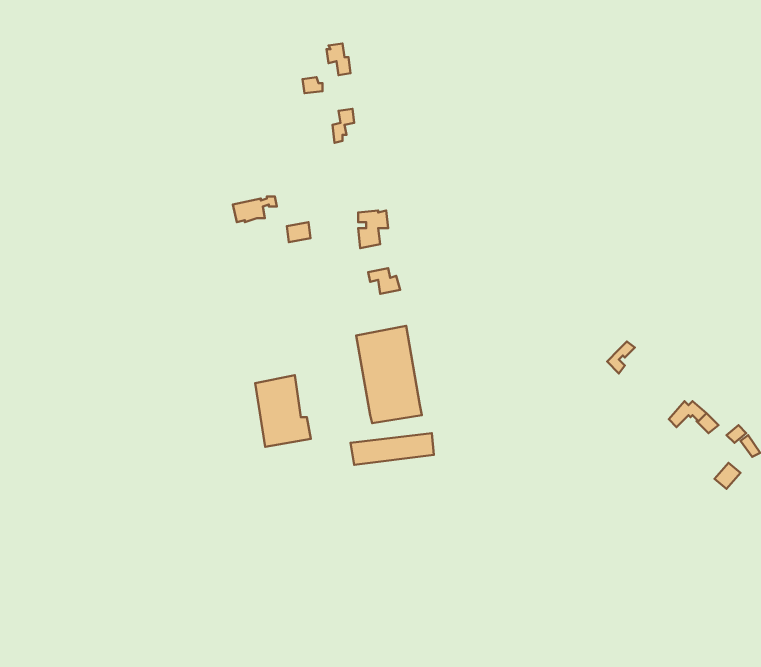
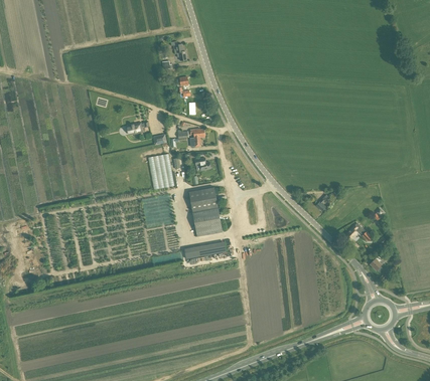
building: [255,375,311,447] -> [149,153,177,189]

